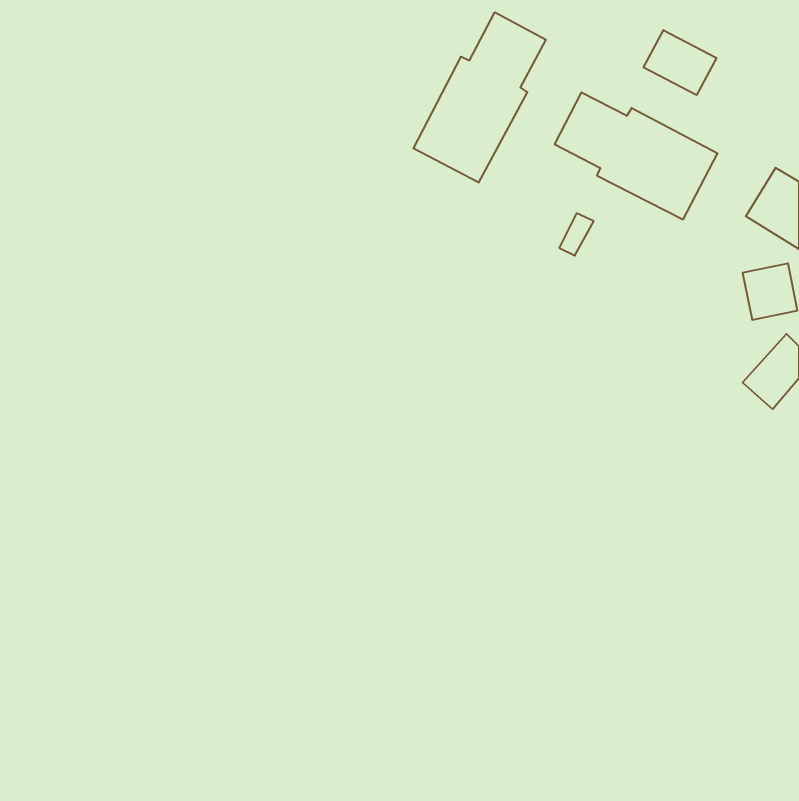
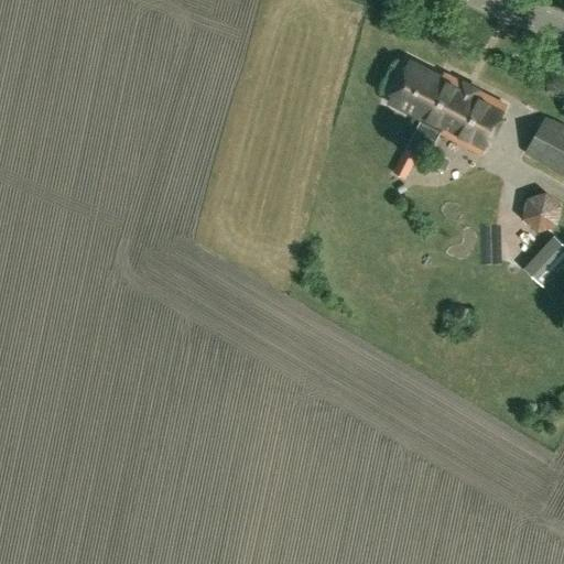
building: [413,12,546,183] -> none
building: [644,30,716,95] -> none

